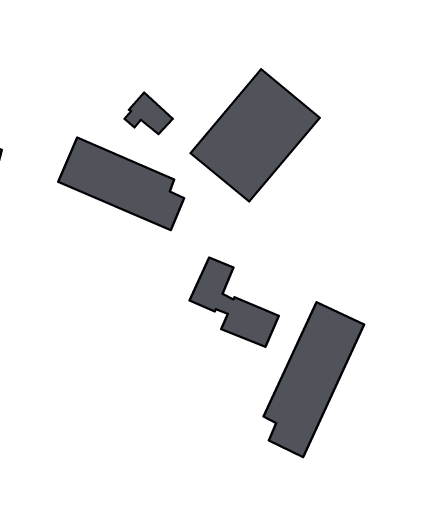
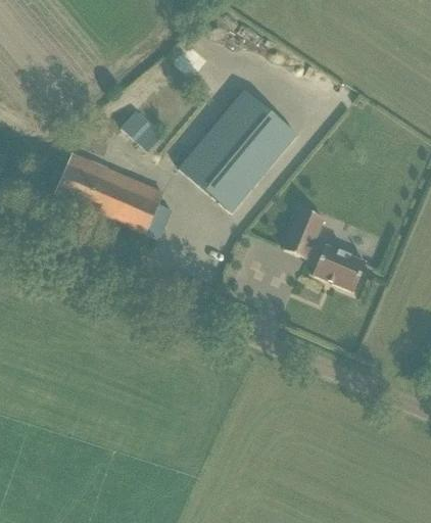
building: [189,257,279,347] -> [283,207,366,290]
building: [264,302,364,457] -> none

